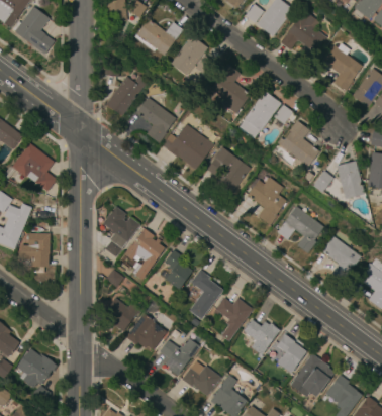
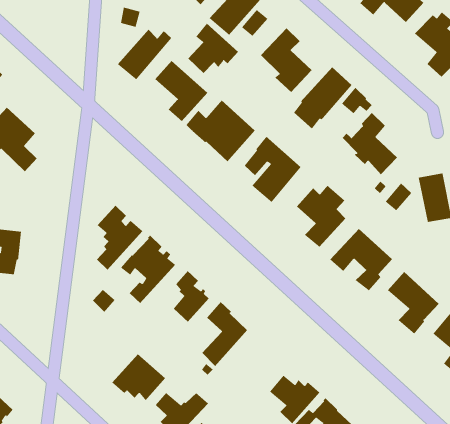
building: none -> [187,23,239,74]
building: [101,297,141,331] -> none
building: [212,297,253,340] -> none

